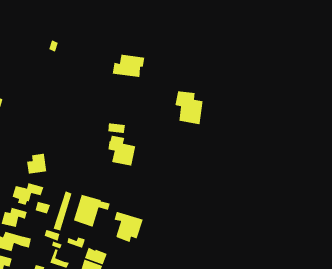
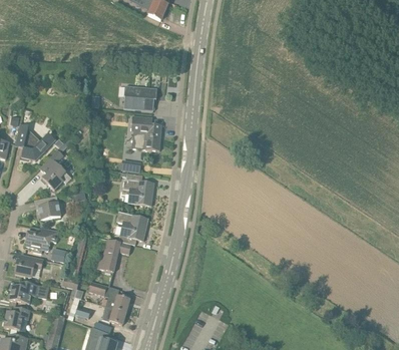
building: none -> [16,123,55,159]
building: [175,91,203,125] -> [131,115,161,150]
building: none -> [39,156,71,190]
building: [114,211,144,243] -> [116,212,148,245]

